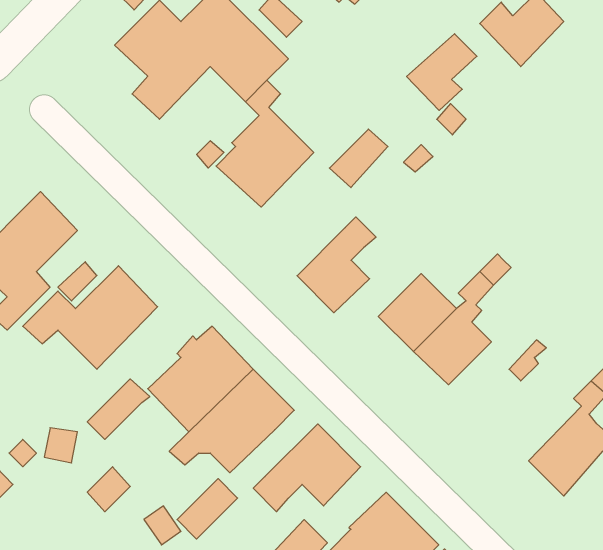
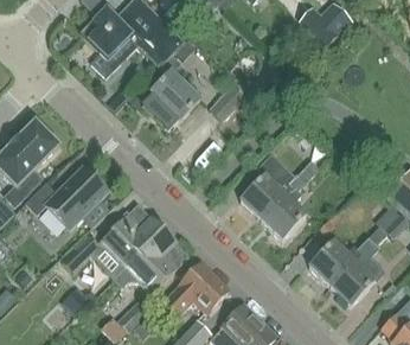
building: [407,34,477,110] -> none
building: [297,217,376,313] -> none
building: none -> [309,238,363,285]

